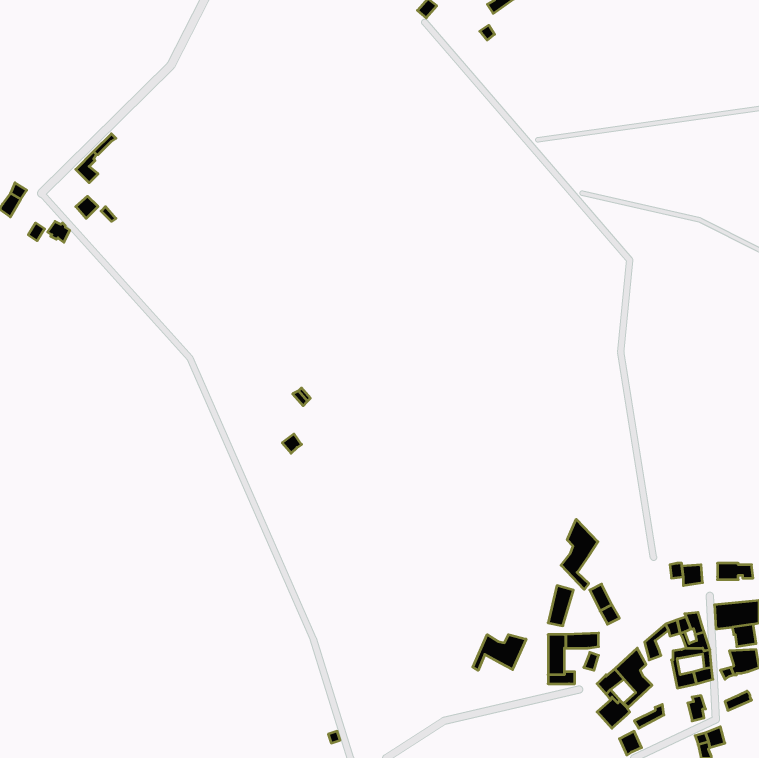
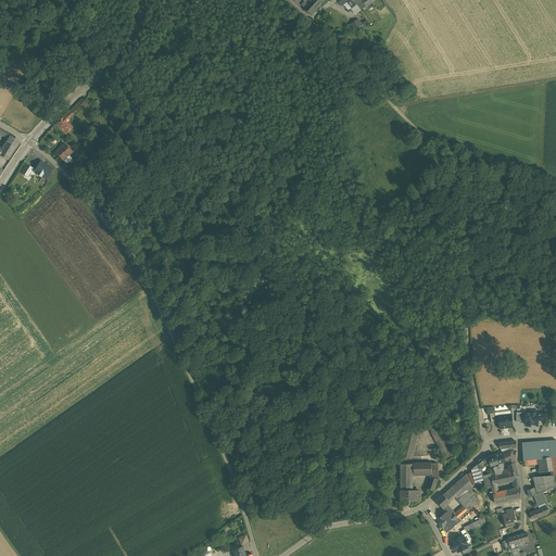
building: [561,519,598,589] -> none
building: [473,635,526,670] -> none

